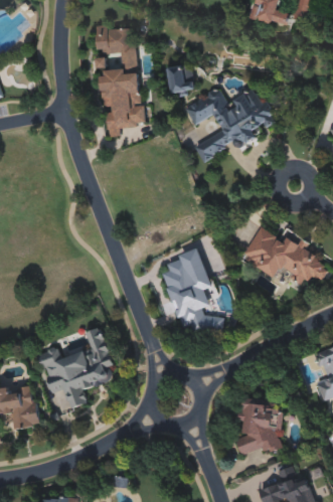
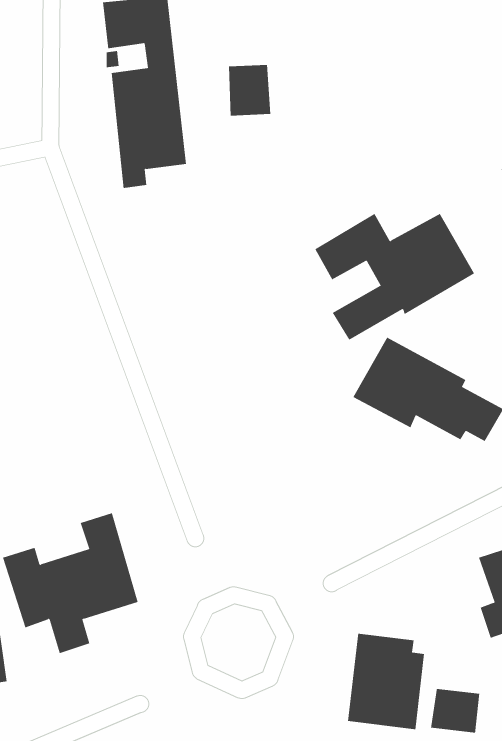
building: [183,88,277,162] -> [314,213,475,341]
building: [162,249,223,340] -> none
building: none -> [430,688,480,733]

